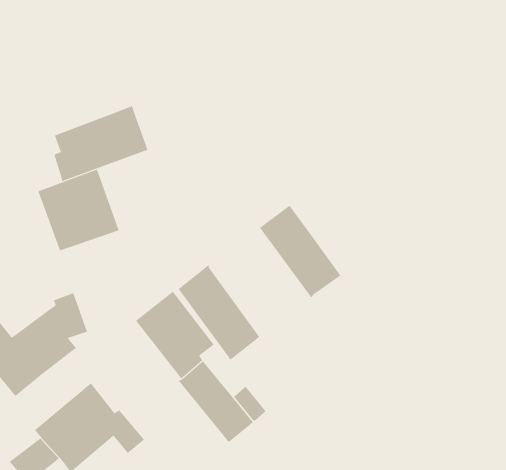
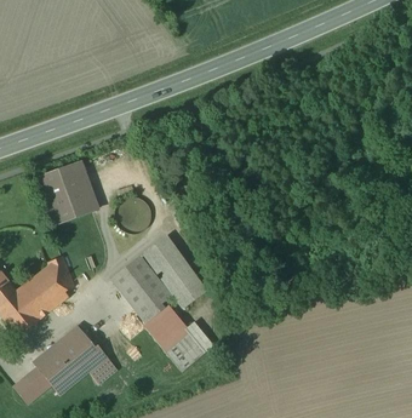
building: [54,105,148,182] -> none
building: [259,205,341,298] -> none
building: none -> [115,196,151,233]

